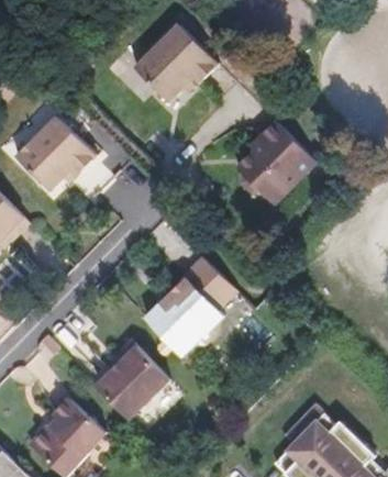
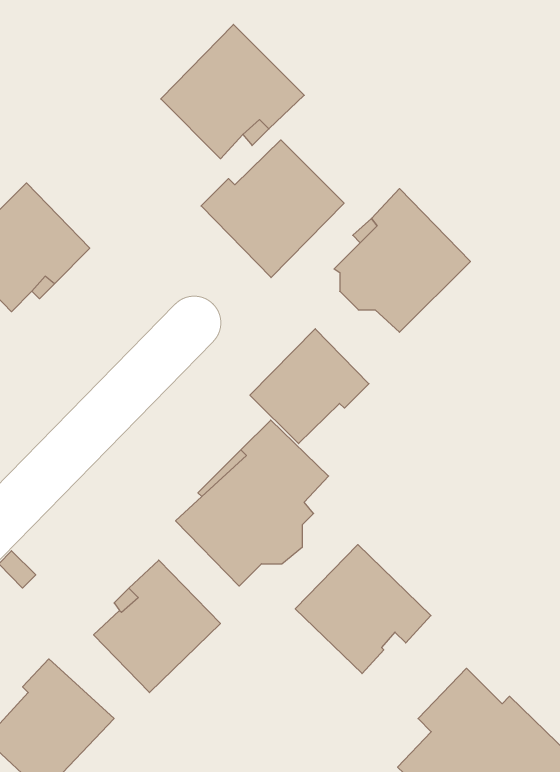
building: none -> [201,140,344,278]
building: none -> [250,329,369,444]
building: none -> [295,545,431,674]

